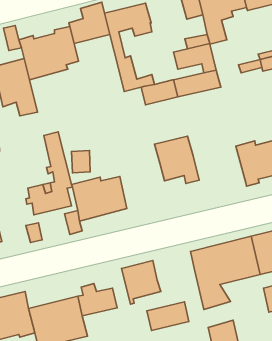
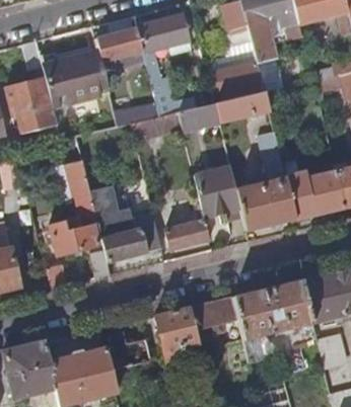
building: none -> [133,111,184,143]
building: none -> [237,133,297,231]
building: none -> [166,197,211,250]
building: [147,302,189,330] -> [192,298,239,330]

